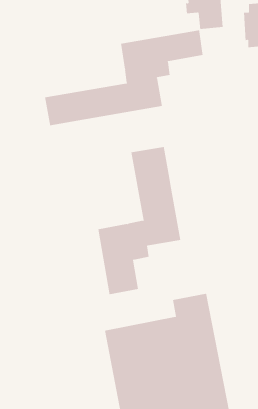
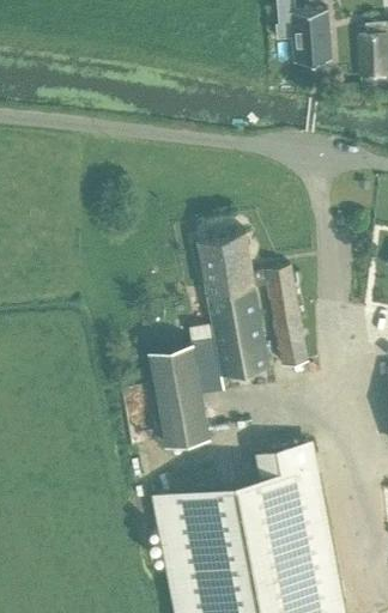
building: [44,30,203,126] -> none
building: none -> [253,266,308,366]

